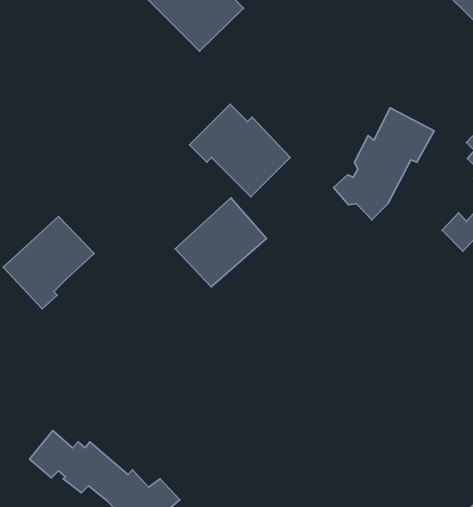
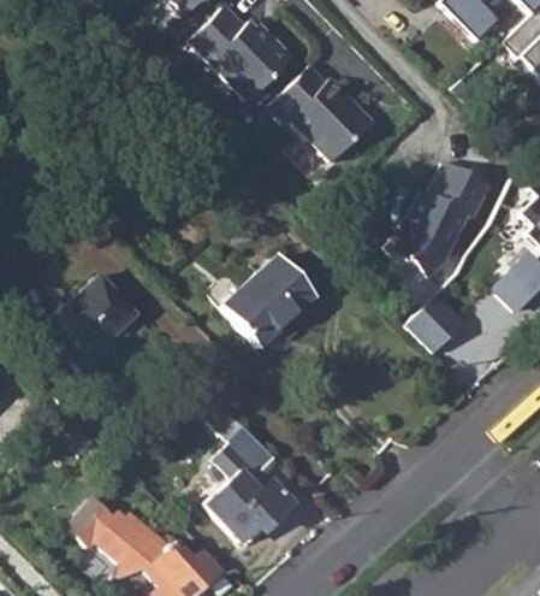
building: [190,104,290,197] -> [267,65,372,161]
building: none -> [405,296,464,354]
building: none -> [204,407,292,544]

